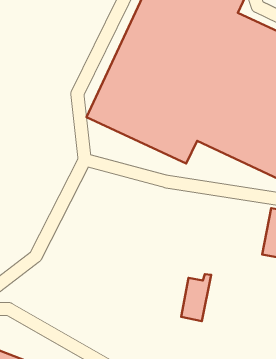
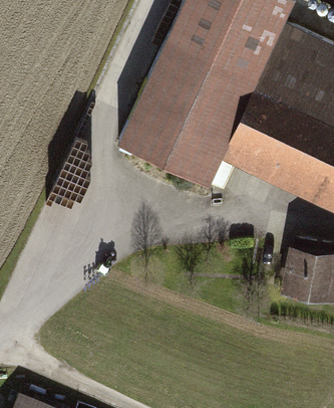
building: [181,274,211,321] -> [289,239,322,291]

